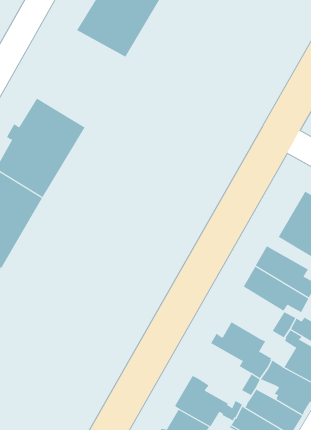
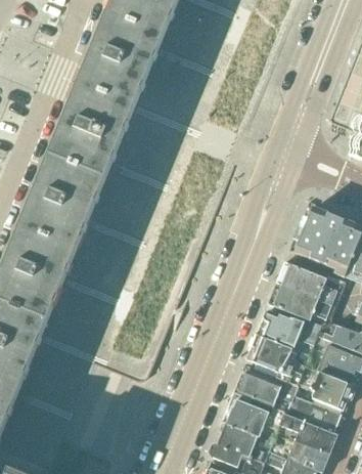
building: none -> [54,90,131,178]
building: none -> [263,310,304,349]
building: none -> [240,371,288,413]

